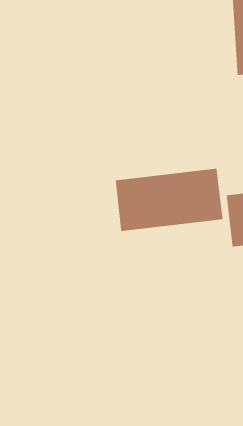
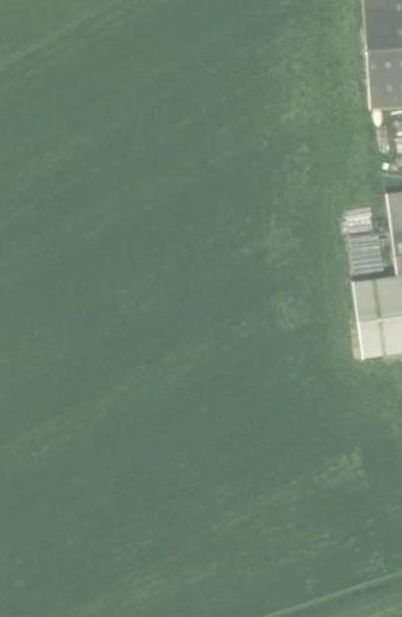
building: [115,168,223,232] -> none

